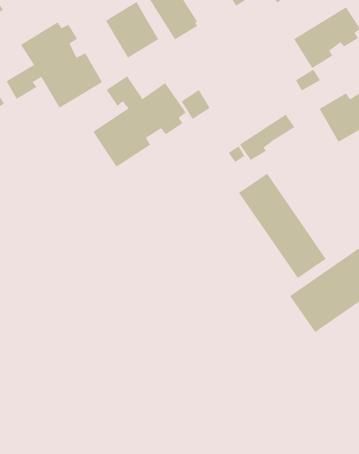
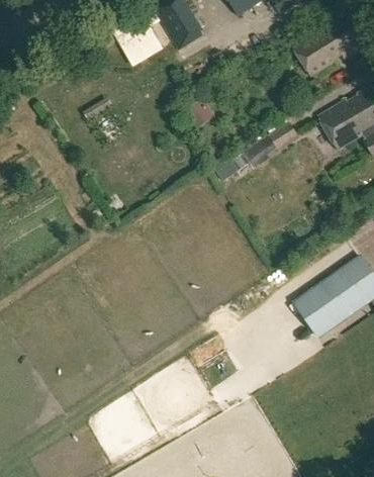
building: [6,21,103,108] -> none
building: [93,76,187,168] -> none
building: [238,173,327,279] -> none

